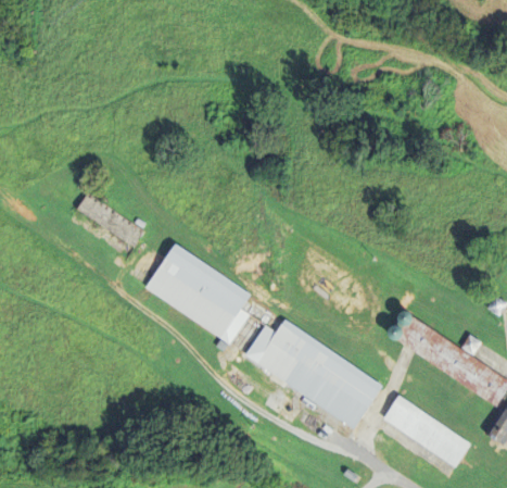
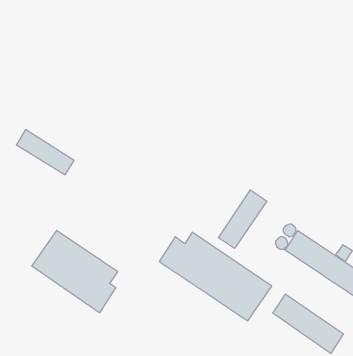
building: [145,243,251,345] -> [32,230,118,313]
building: none -> [219,190,267,248]

